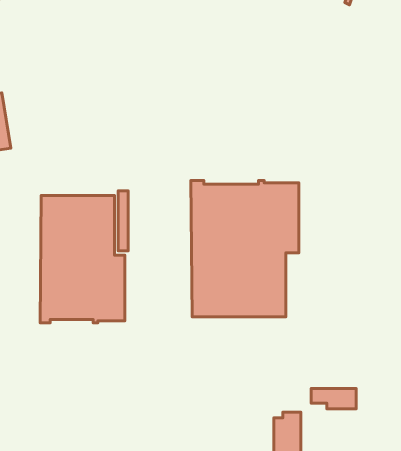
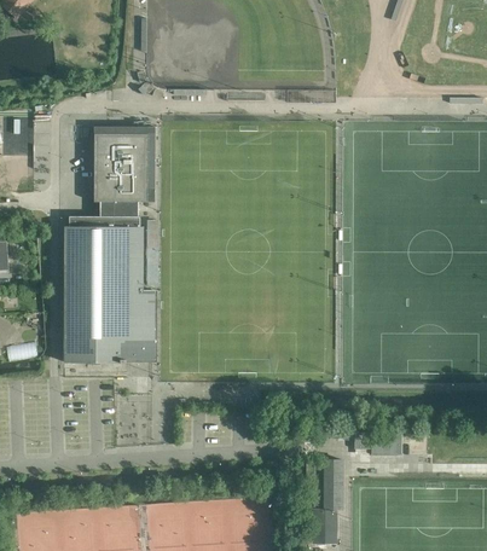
building: none -> [69,127,156,226]
building: [191,180,299,317] -> none

